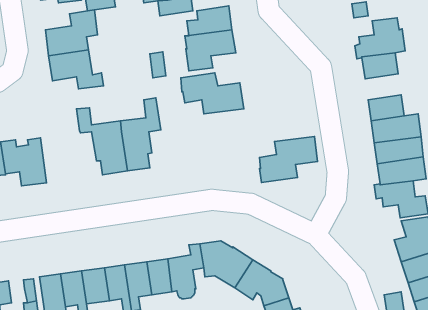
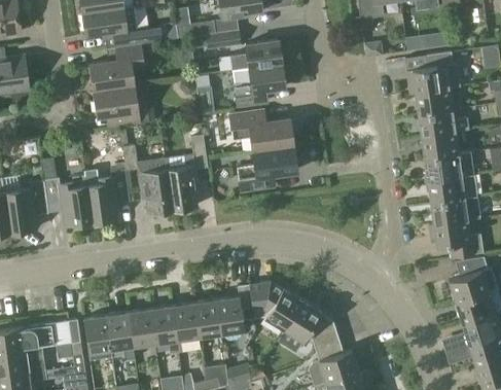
building: none -> [419,109,471,136]
building: none -> [84,168,131,221]
building: [259,136,317,182] -> [238,145,297,192]

